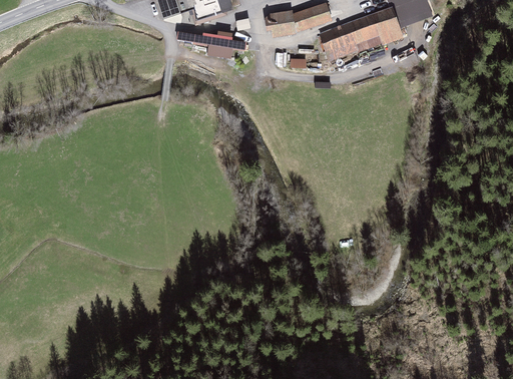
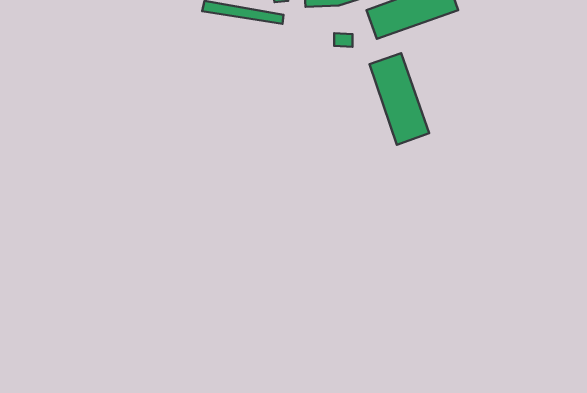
building: none -> [370,53,429,145]

